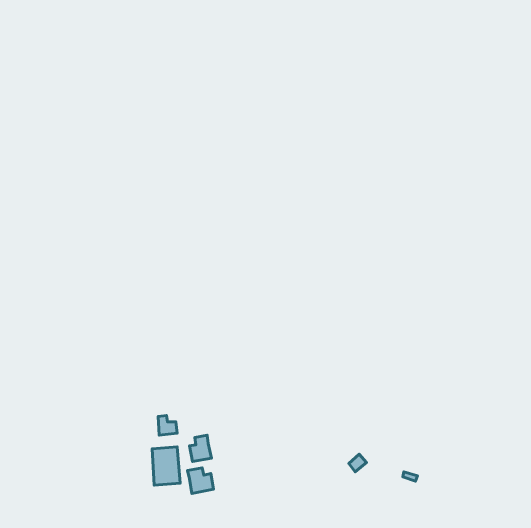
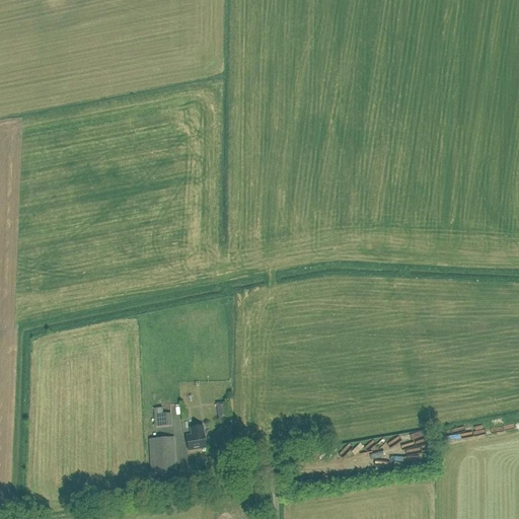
building: [188,468,213,494] -> none

